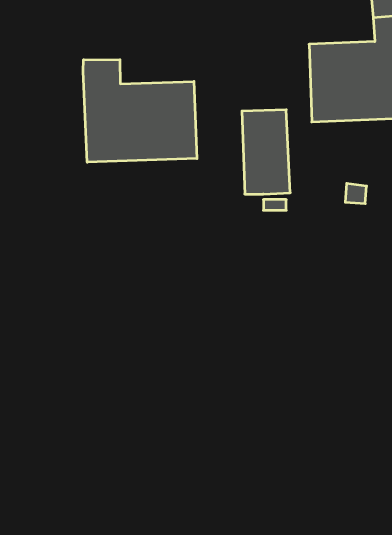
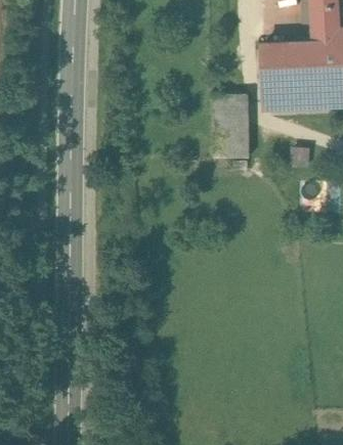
building: [83,60,197,162] -> none

